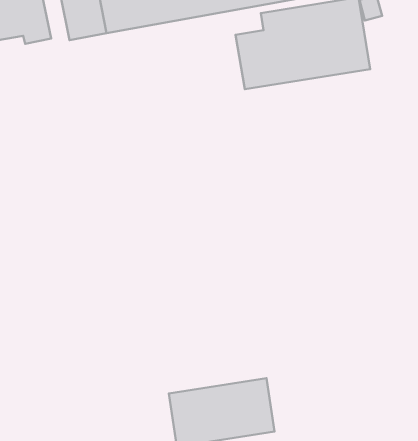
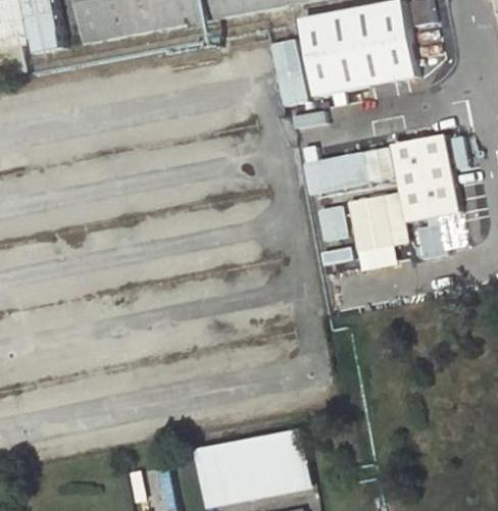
building: none -> [301,131,466,268]

